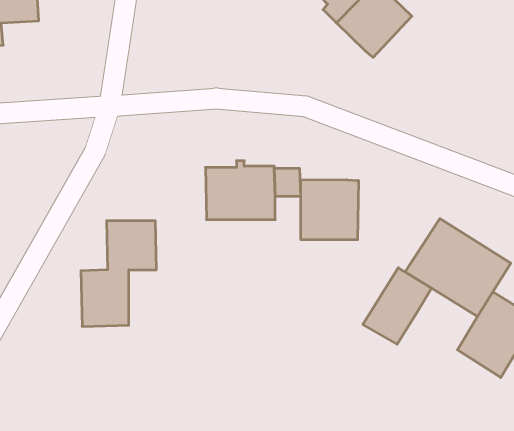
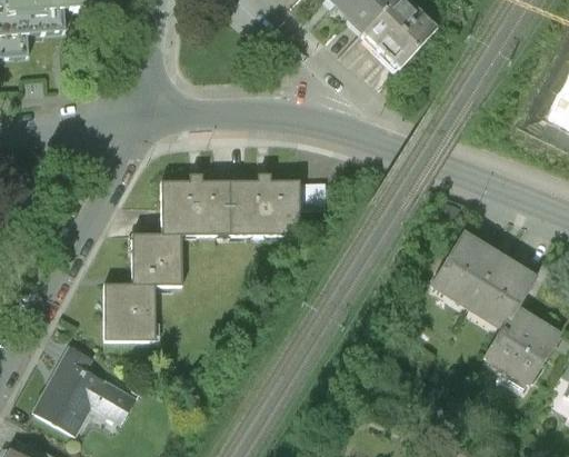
building: none -> [161,175,231,234]
building: [301,180,358,240] -> none
building: [363,268,432,344] -> none
building: none -> [32,348,134,437]

